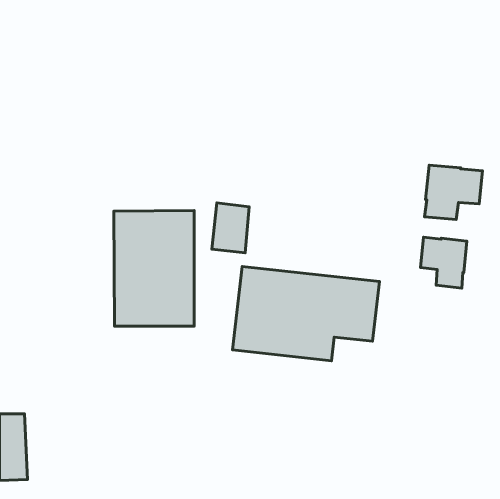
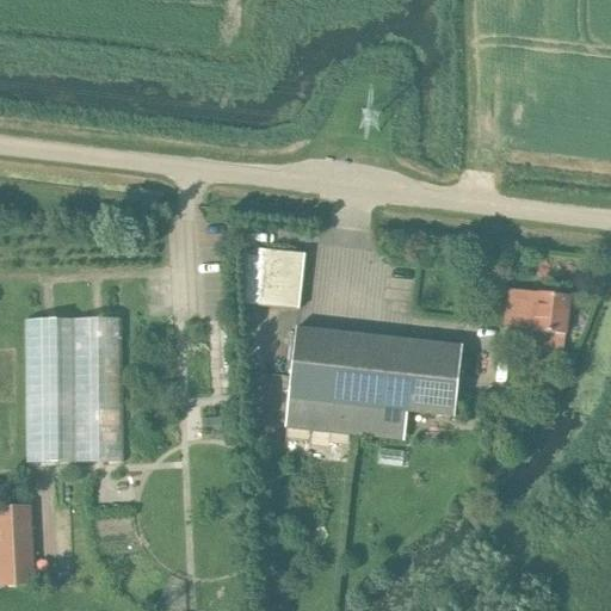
building: [424,165,482,219] -> none
building: [114,210,194,326] -> [24,317,122,458]

